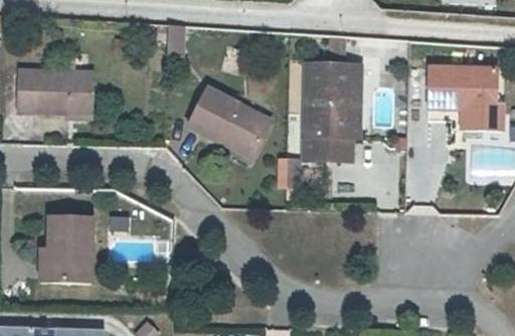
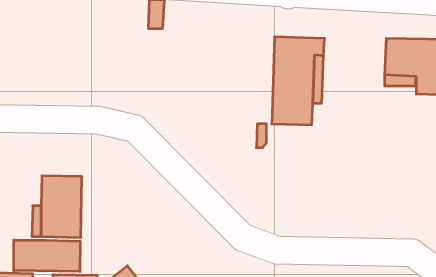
building: [18,68,96,110] -> none
building: [186,88,268,153] -> none
building: none -> [14,240,80,272]

